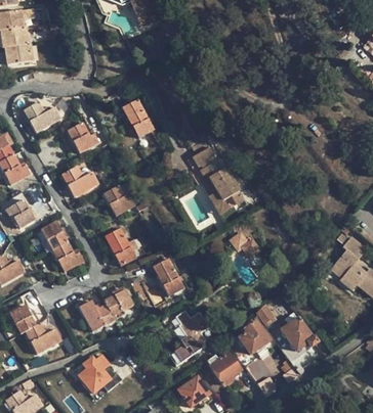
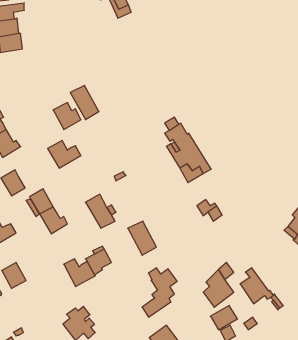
building: [122,99,155,138] -> [70,85,99,120]
building: [24,101,61,132] -> none
building: [103,185,136,216] -> none
building: [26,323,63,354] -> none
building: [206,352,242,386] -> none

